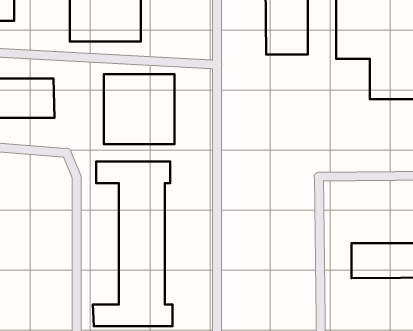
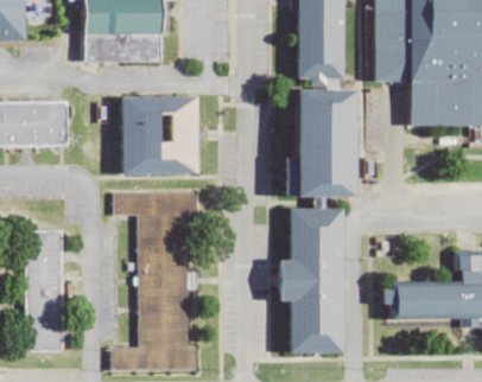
building: none -> [287,89,357,197]
building: none -> [280,209,344,355]
building: none -> [25,231,63,352]

